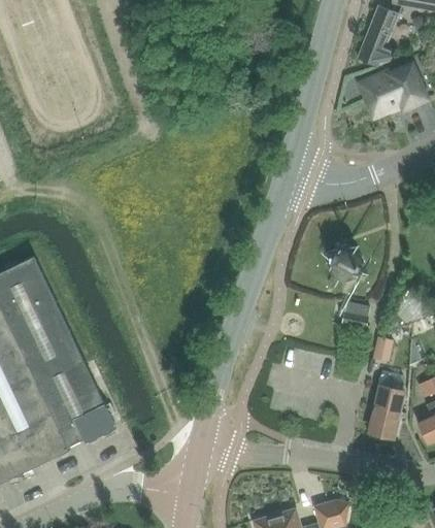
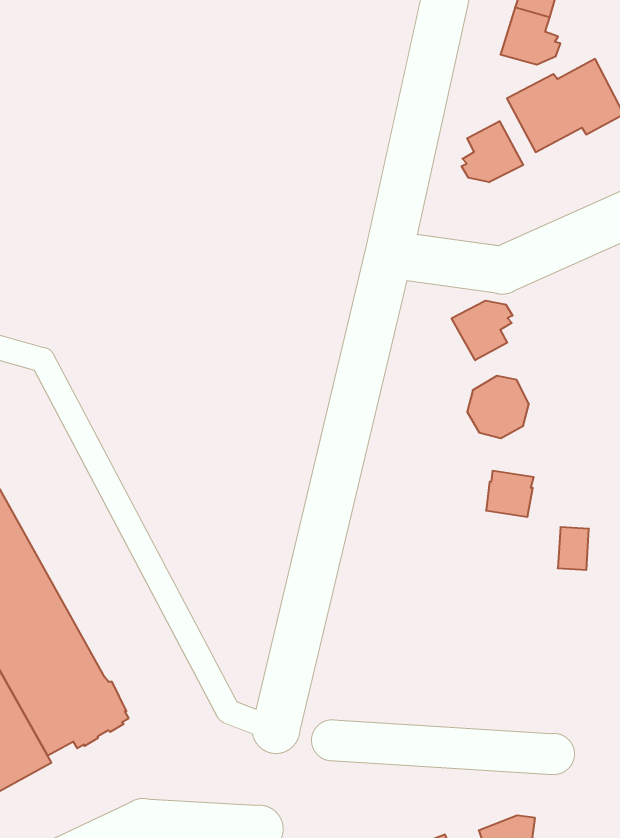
building: none -> [462,121,523,182]
building: none -> [452,301,513,360]
building: [367,384,400,436] -> none

